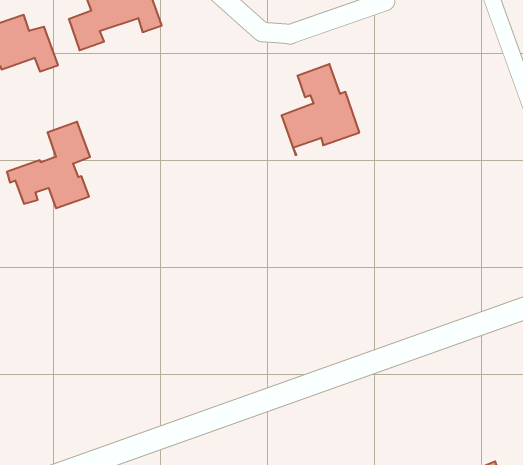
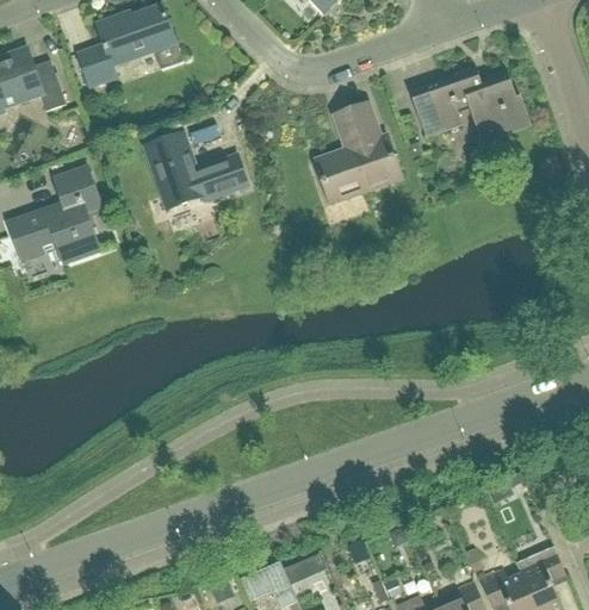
building: none -> [409,66,529,141]
building: none -> [143,135,248,210]

